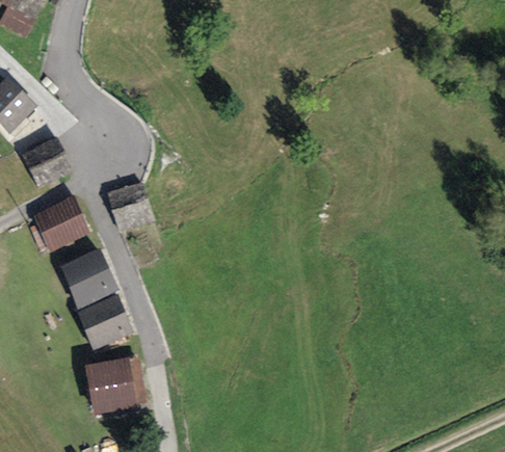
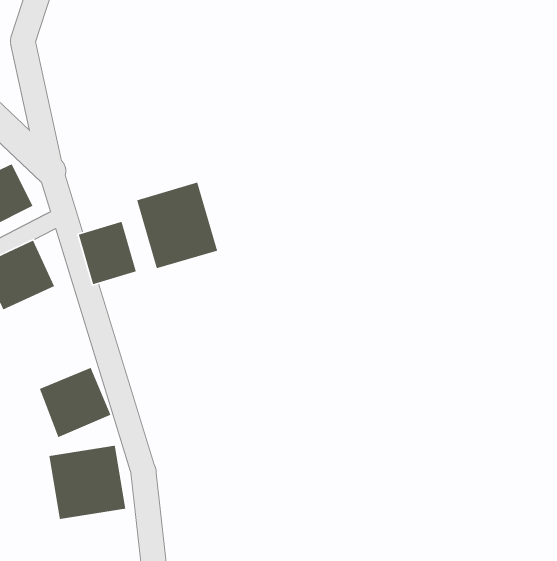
building: none -> [136,182,218,269]
building: [58,247,118,309] -> none

